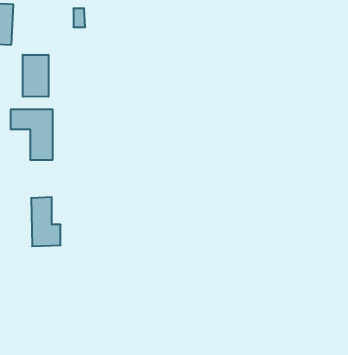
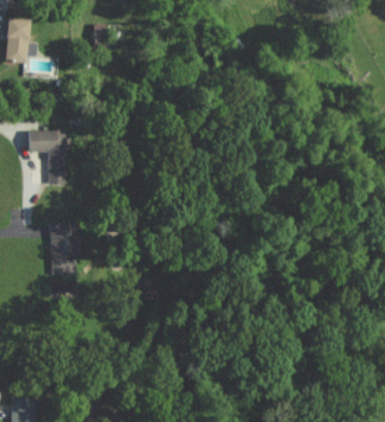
building: [23,55,48,97] -> none

